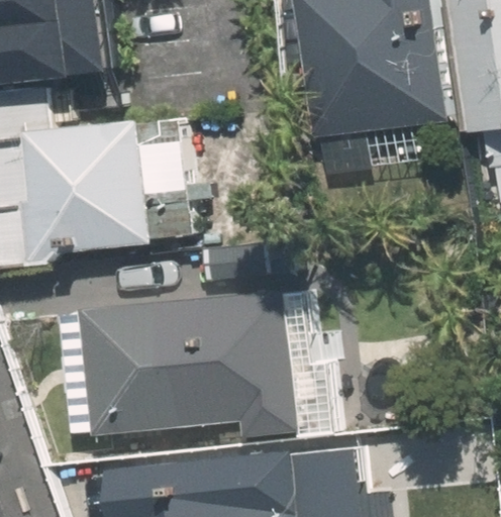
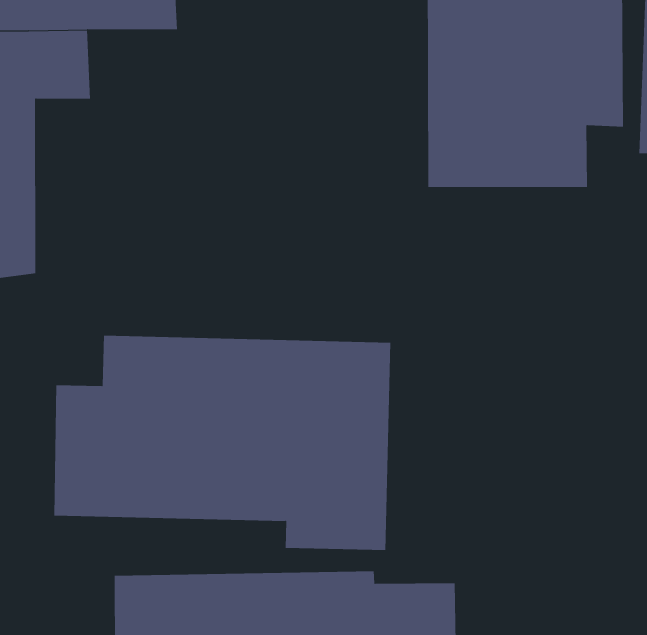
building: [31,118,161,253] -> none

